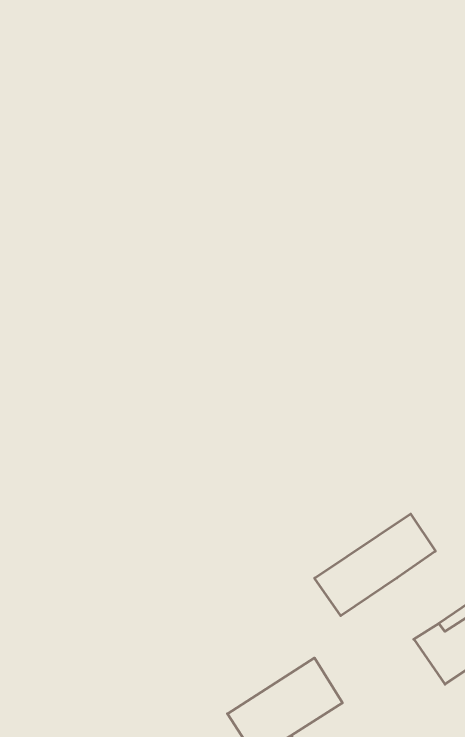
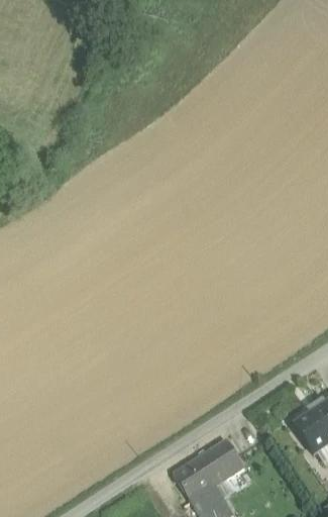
building: [315,514,435,616] -> none

